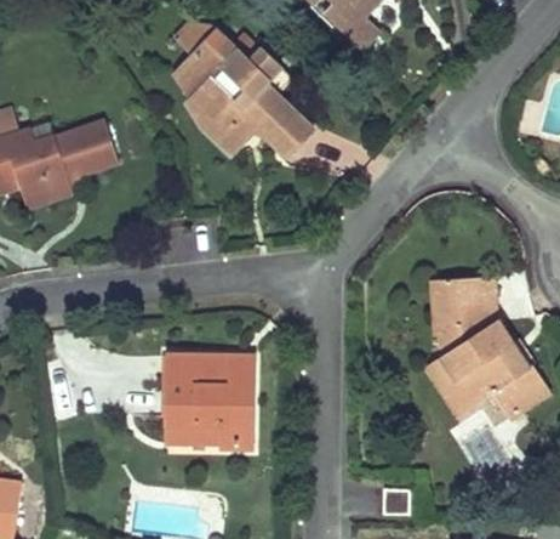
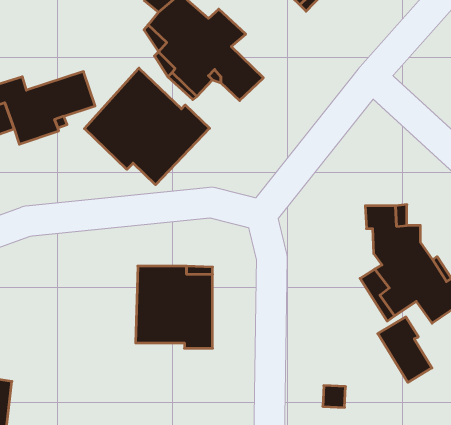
building: none -> [84,68,210,185]

